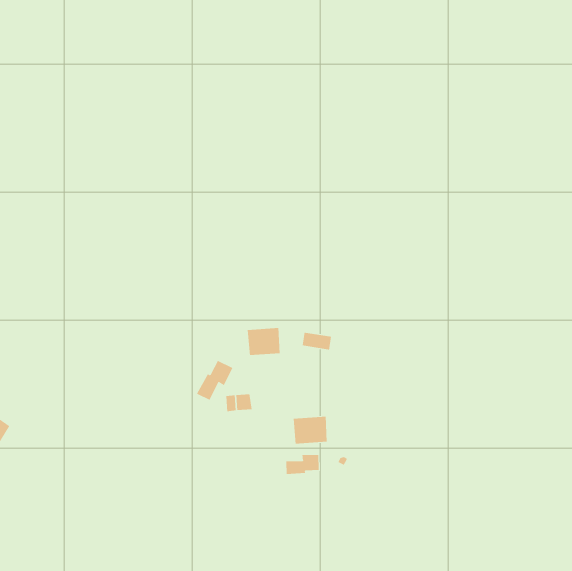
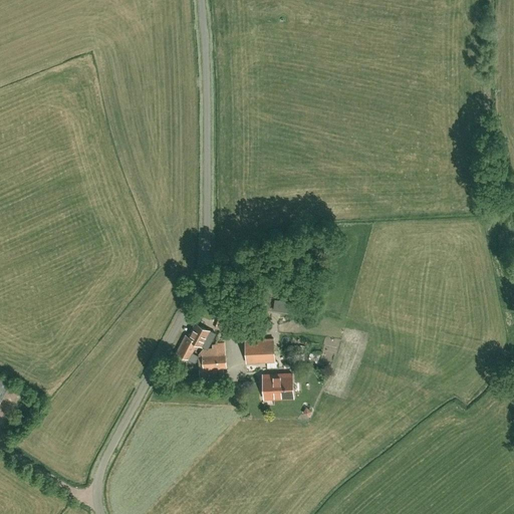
building: [247,328,280,356] -> [244,339,274,364]
building: [286,454,319,475] -> none

